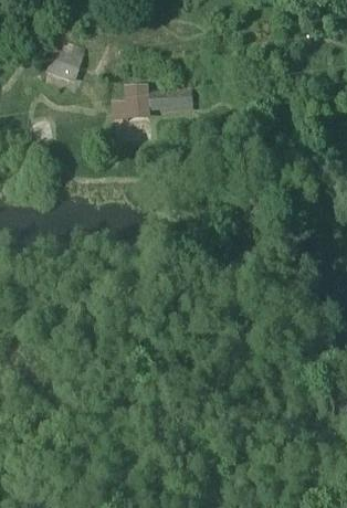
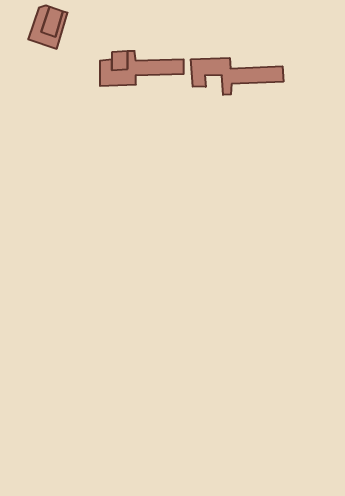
building: none -> [191,58,283,95]

